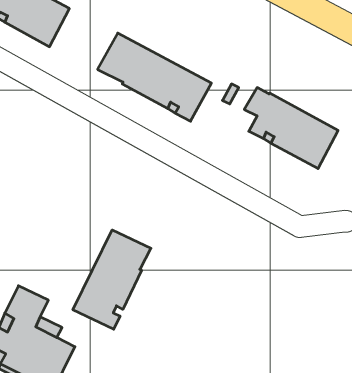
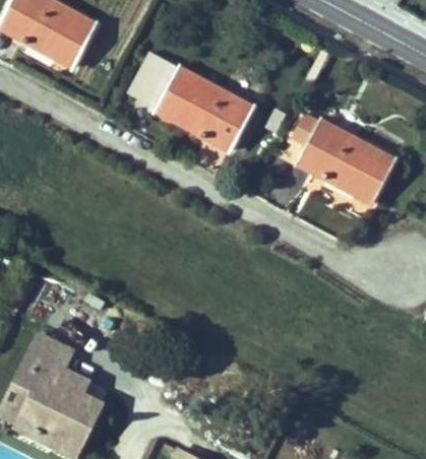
building: [73,230,151,329] -> none

